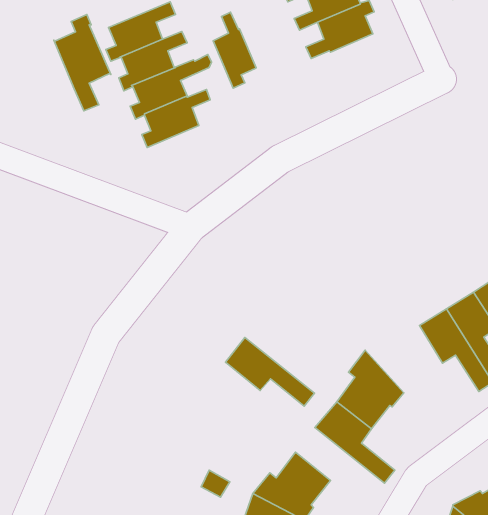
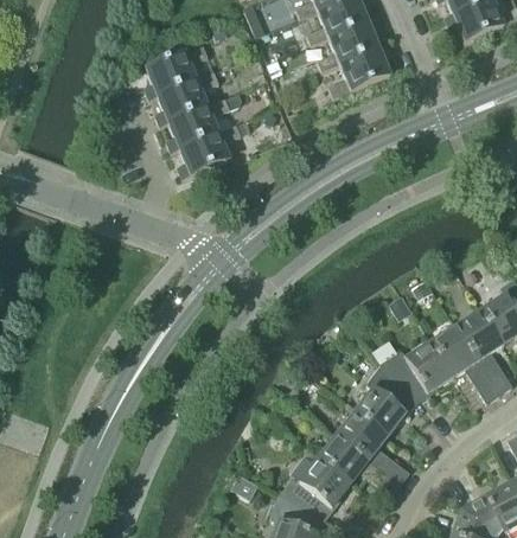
building: [213,12,256,88] -> none
building: [54,14,111,111] -> none
building: none -> [381,340,452,402]
building: [225,338,315,406] -> [317,434,398,497]

